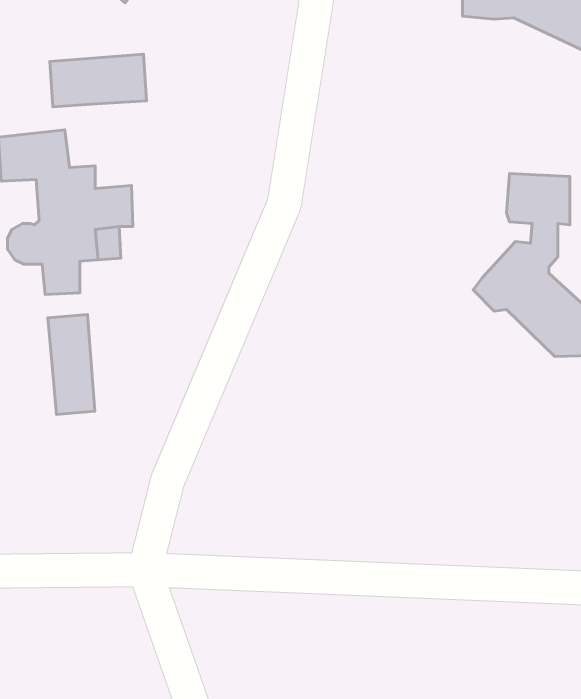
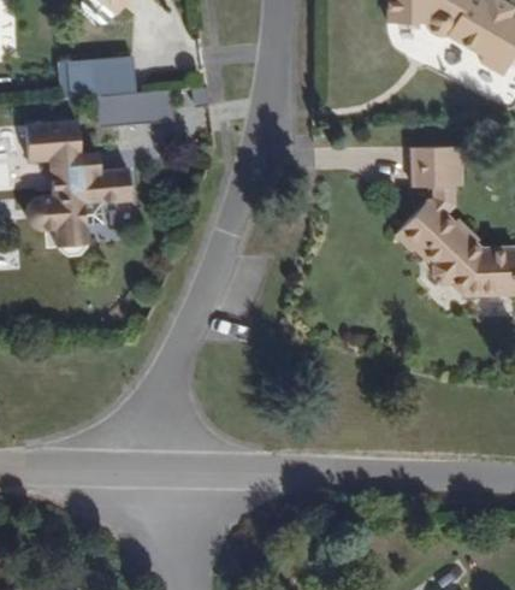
building: none -> [97,89,174,124]
building: [48,314,95,415] -> none

